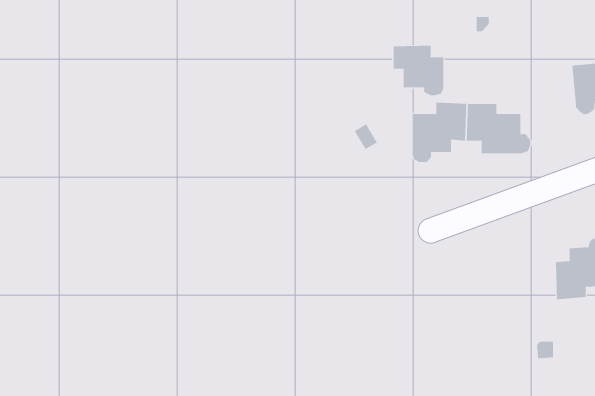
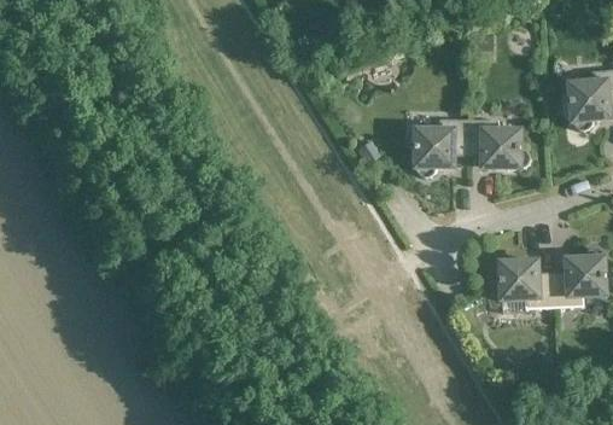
building: [393,45,444,96] -> none
building: none -> [489,258,553,310]

